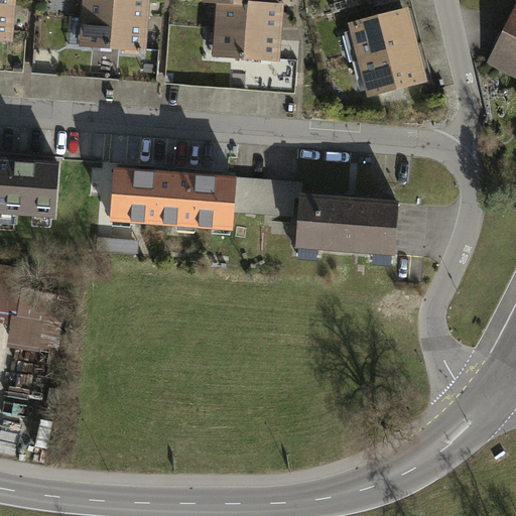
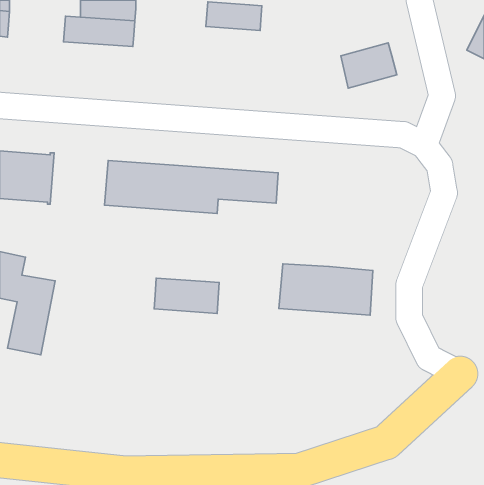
building: [343,12,412,62] -> none
building: [217,28,276,60] -> none
building: [296,197,396,251] -> [279,264,373,315]
building: none -> [154,278,219,313]

